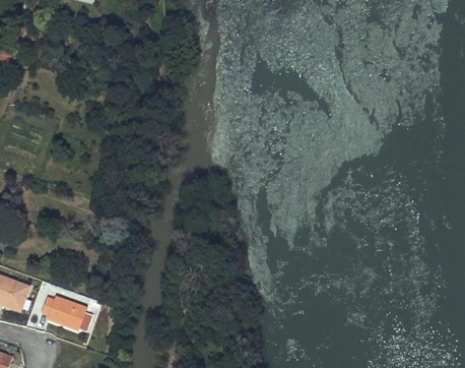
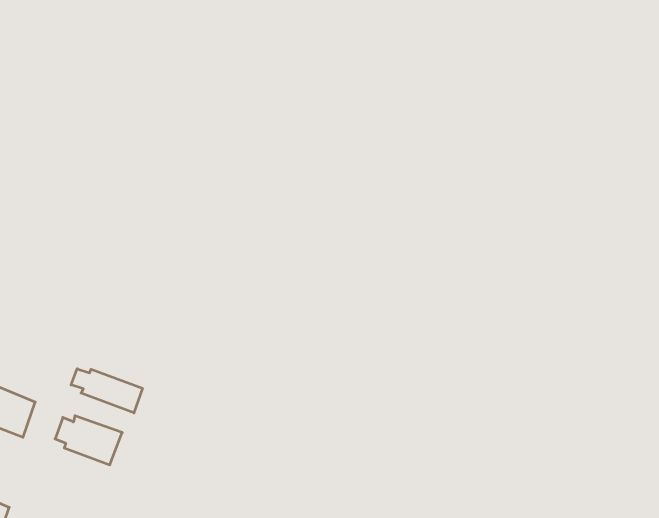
building: none -> [71,369,142,413]

